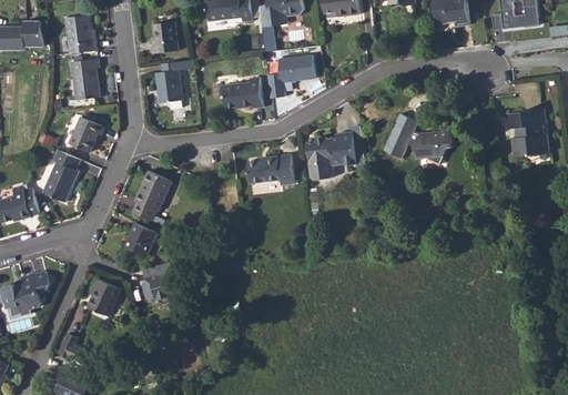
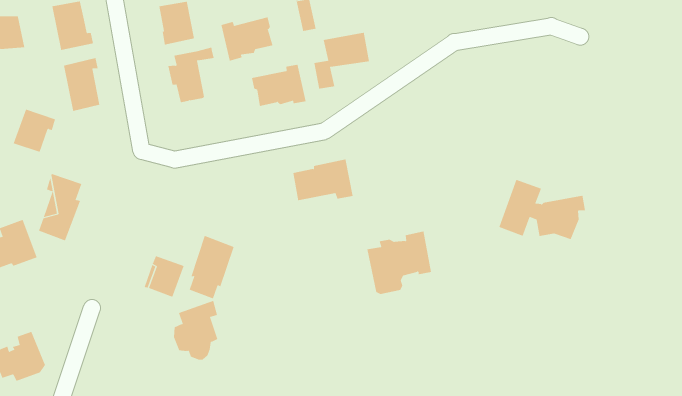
building: none -> [221,17,273,62]
building: [507,105,548,155] -> none
building: [382,111,452,162] -> [499,179,586,240]
building: [70,117,105,152] -> [13,109,56,153]
building: [305,131,355,179] -> [367,231,432,295]
building: [133,166,172,217] -> [189,235,235,299]
building: [88,275,121,313] -> none

